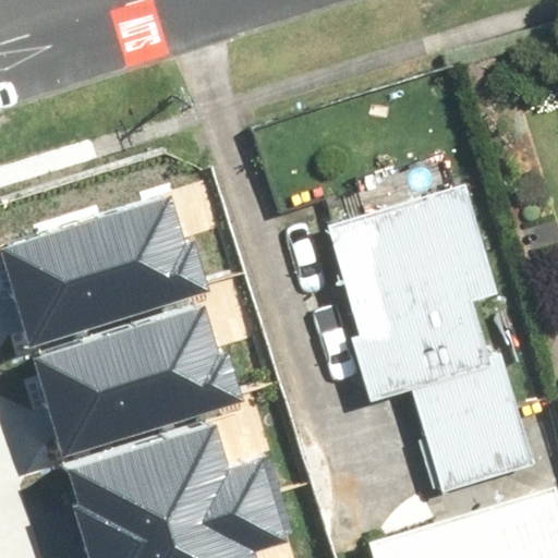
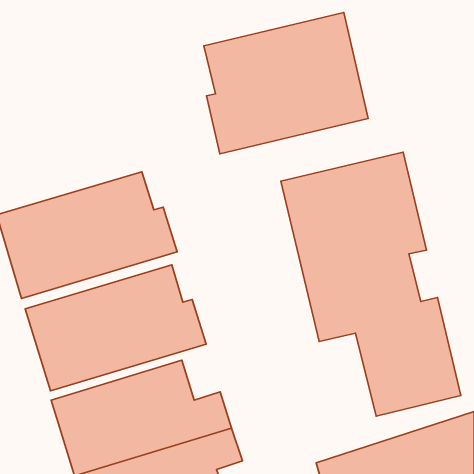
building: none -> [204,13,368,154]

